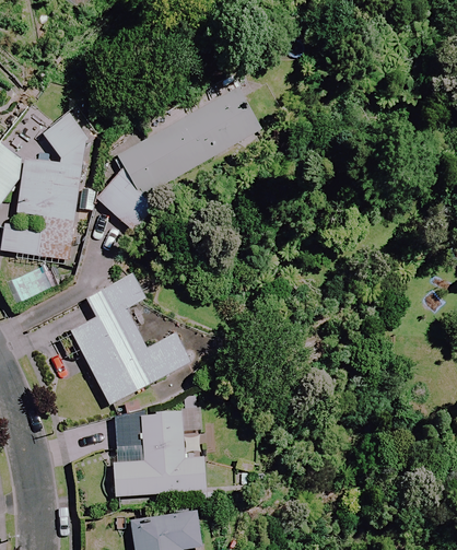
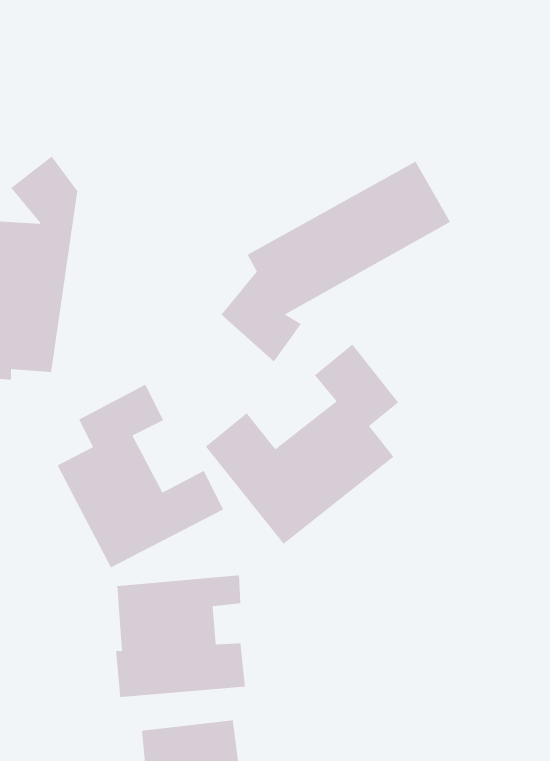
building: [96,87,260,231] -> [220,160,451,362]
building: none -> [205,343,399,545]

